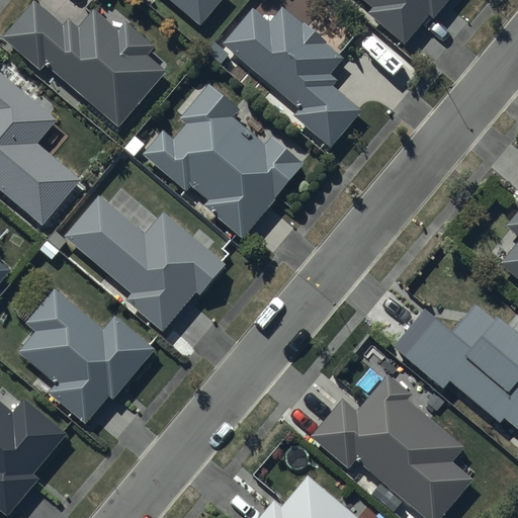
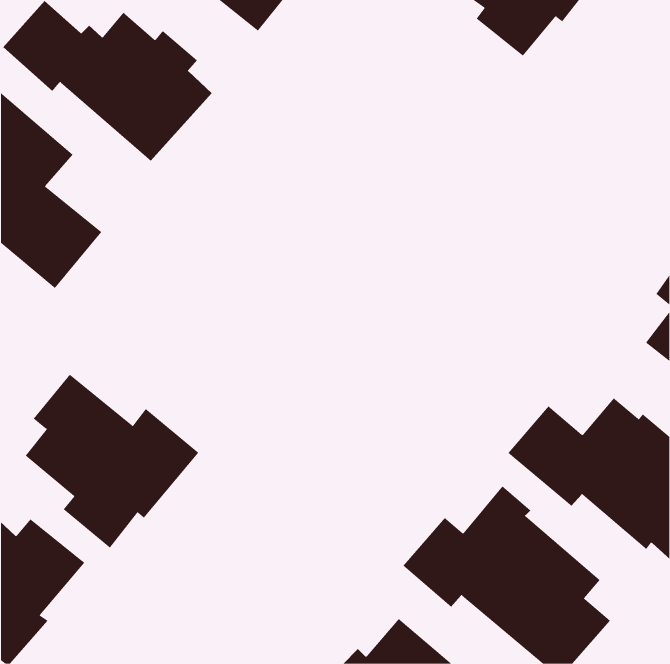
building: [223,7,361,147] -> none
building: [143,85,305,238] -> none
building: [64,195,226,331] -> none

